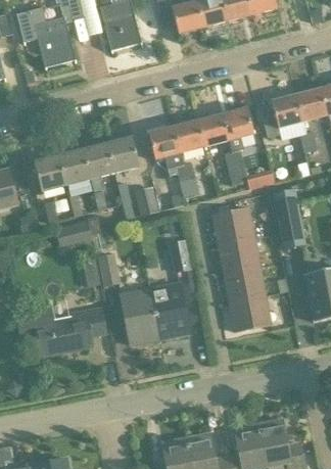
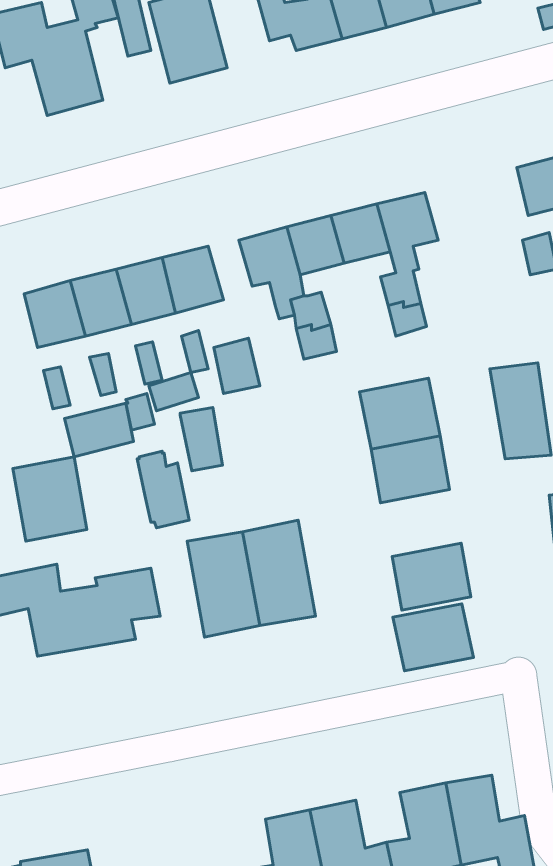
building: [261,95,301,138] -> none
building: [168,239,190,273] -> [180,408,222,471]
building: none -> [13,457,87,541]
building: [223,267,266,302] -> [393,604,473,671]

